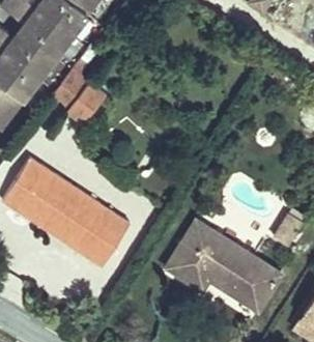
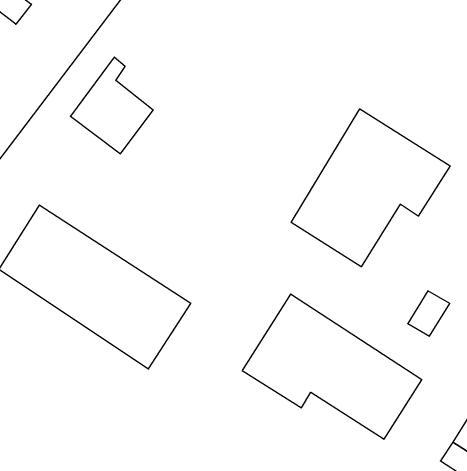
building: none -> [291,109,450,267]

